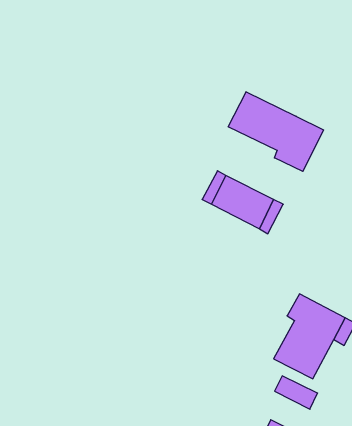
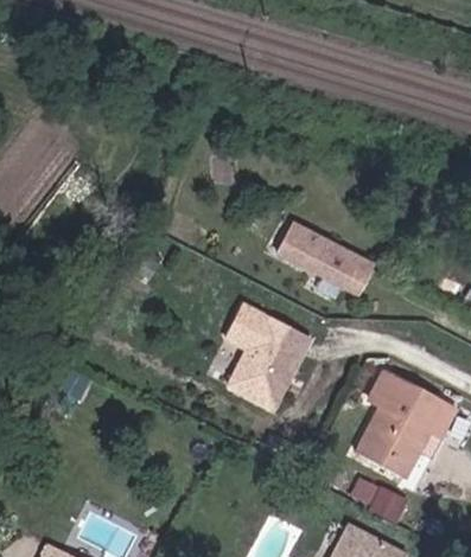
building: [228,92,324,171] -> none
building: none -> [225,305,312,410]

